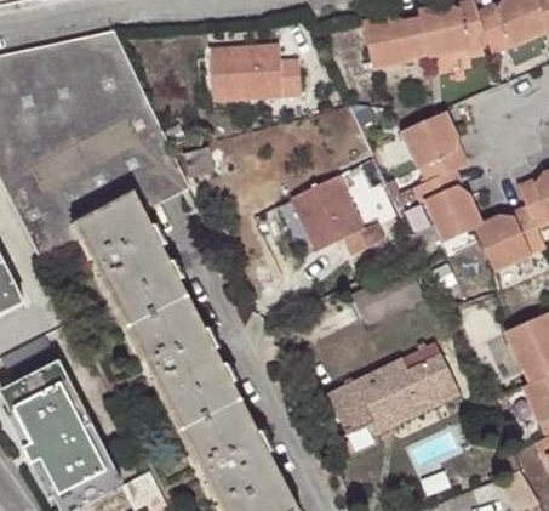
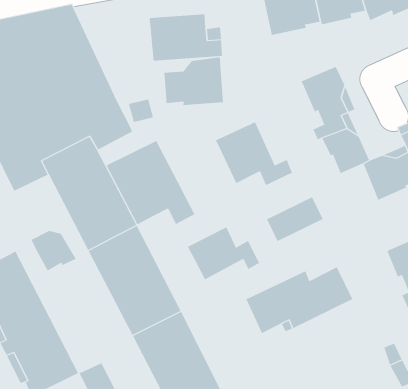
building: none -> [164,57,223,106]
building: none -> [106,140,195,225]
building: none -> [187,227,260,280]
building: none -> [31,230,76,272]

